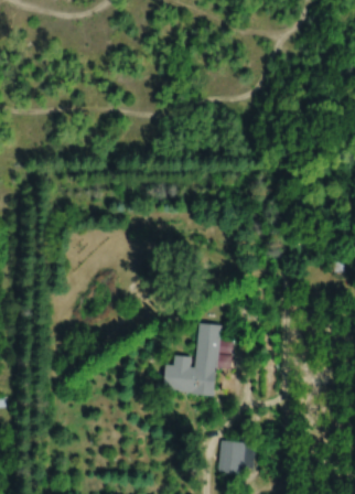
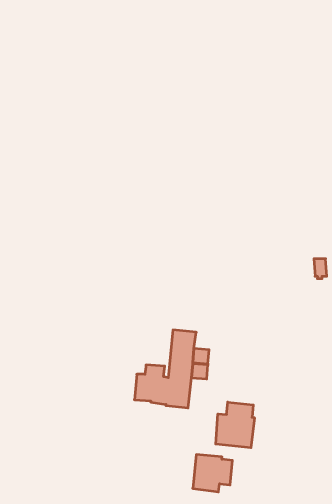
building: none -> [216,402,254,448]

